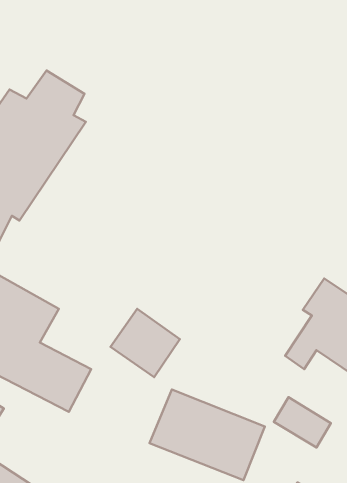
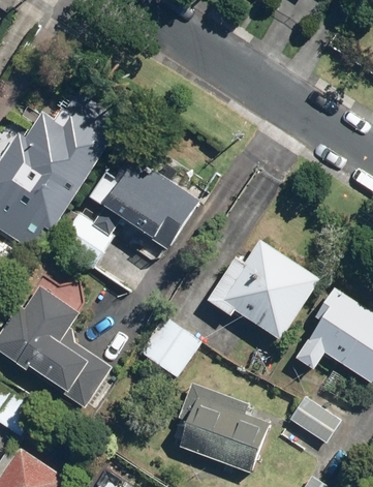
building: none -> [100,156,201,249]
building: none -> [219,239,320,339]

